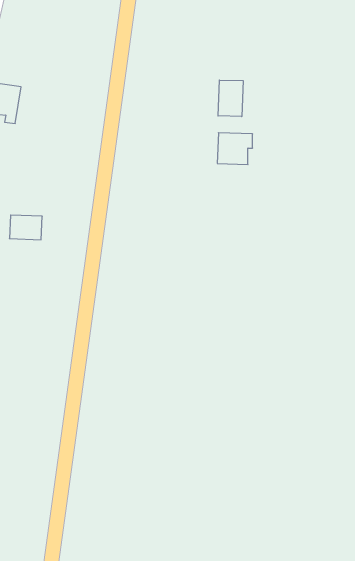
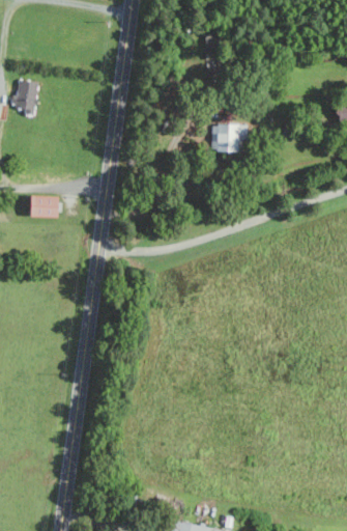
building: [218,80,243,117] -> none

